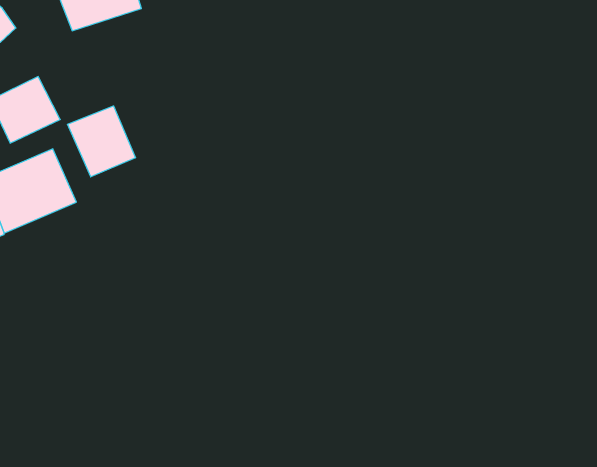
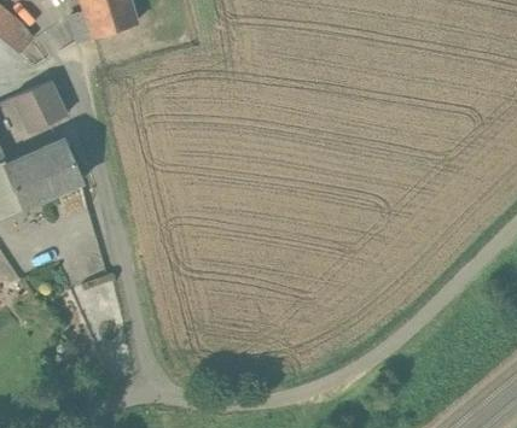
building: [67,106,136,177] -> none

